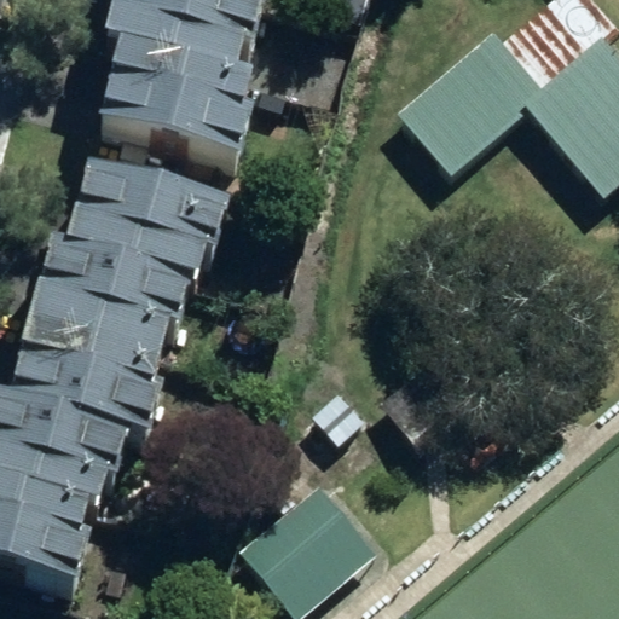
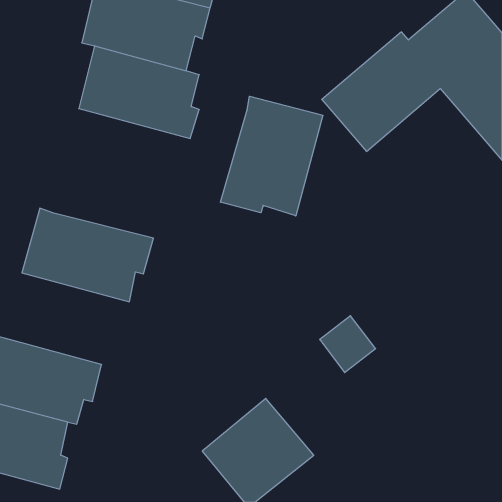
building: none -> [220,96,323,216]
building: [65,175,226,291] -> none
building: [7,331,157,446] -> none

